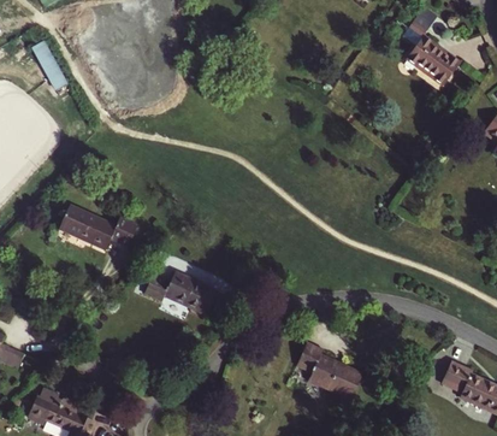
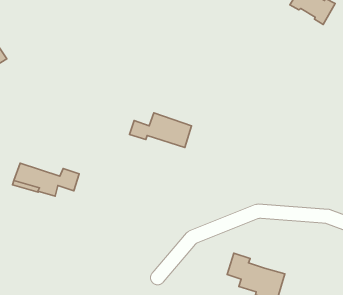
building: [143,270,217,314] -> [130,113,192,147]

